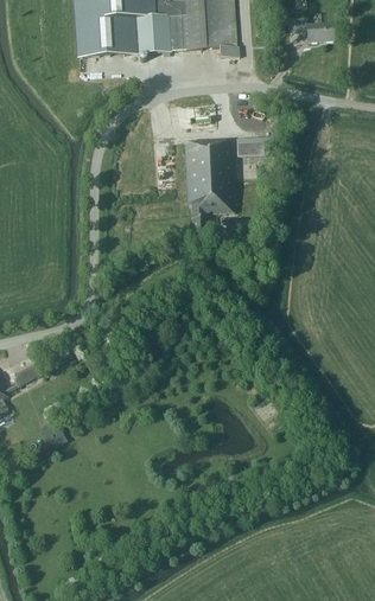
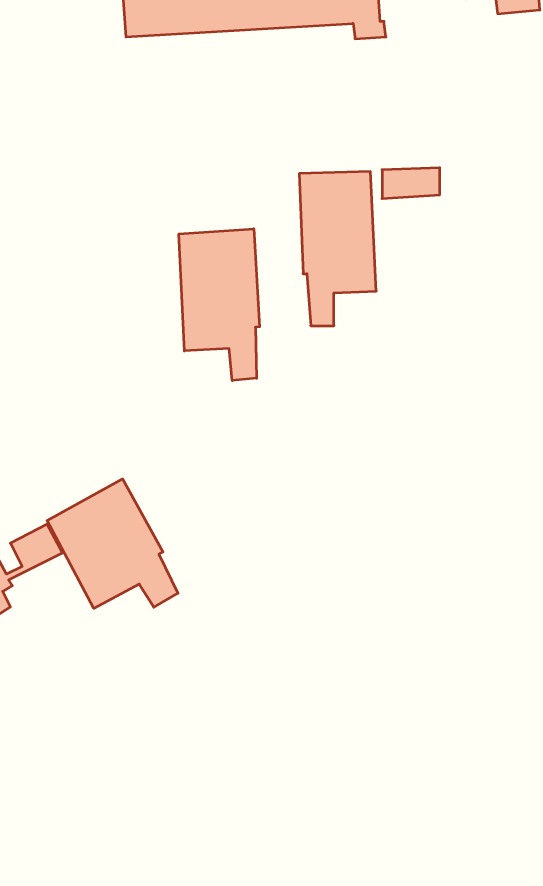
building: none -> [179,229,260,381]
building: none -> [47,479,178,608]

